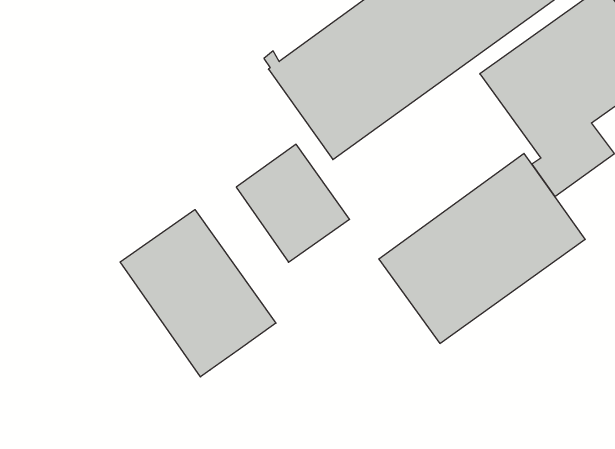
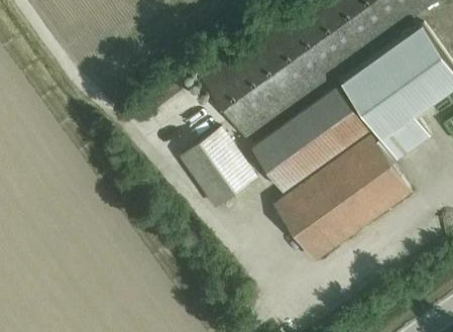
building: none -> [252,89,368,193]
building: [120,210,276,377] -> none

